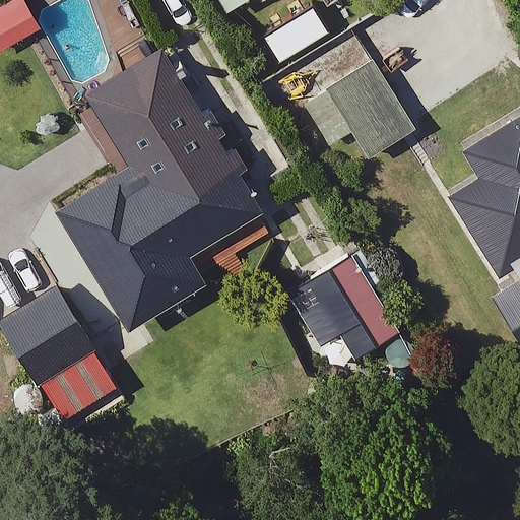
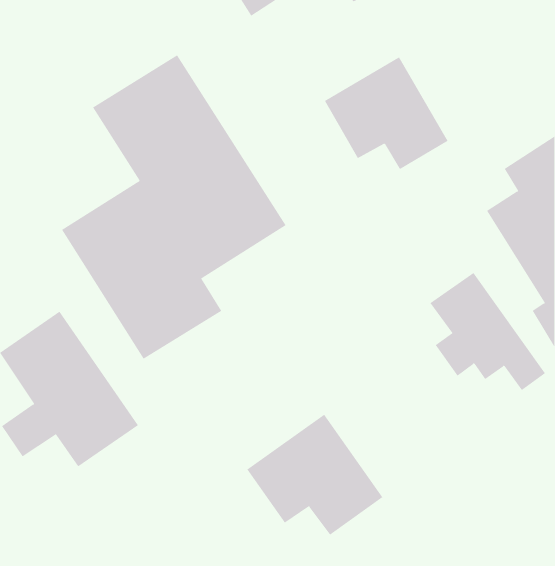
building: [308,258,414,367] -> [429,272,546,391]
building: none -> [247,414,383,535]

